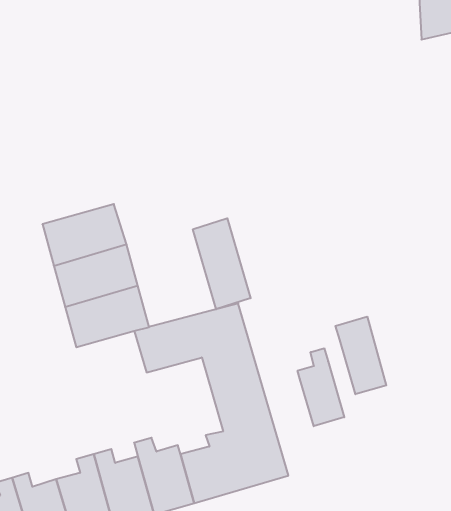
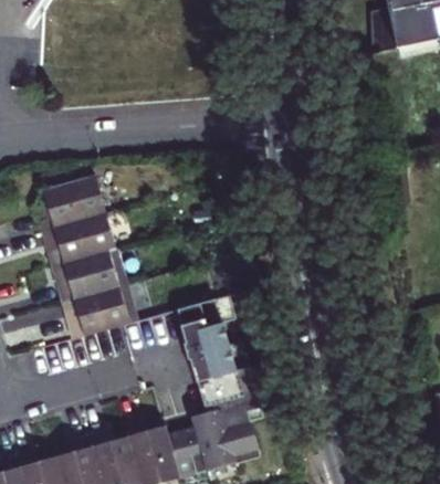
building: none -> [42,160,109,227]
building: [193,218,251,309] -> none
building: [335,317,386,394] -> none
building: [298,348,344,426] -> none

